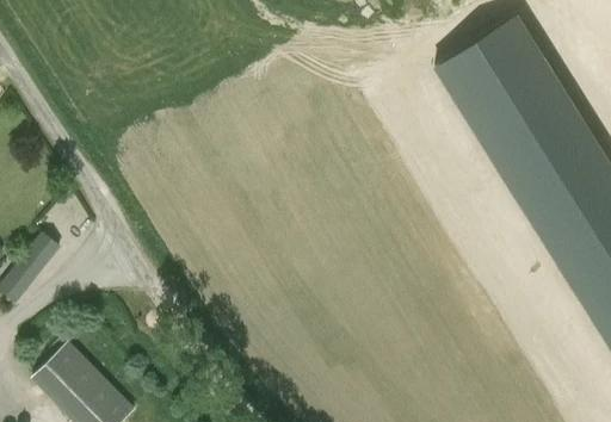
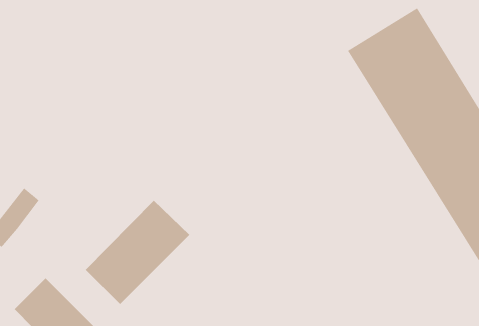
building: none -> [85,200,190,305]

